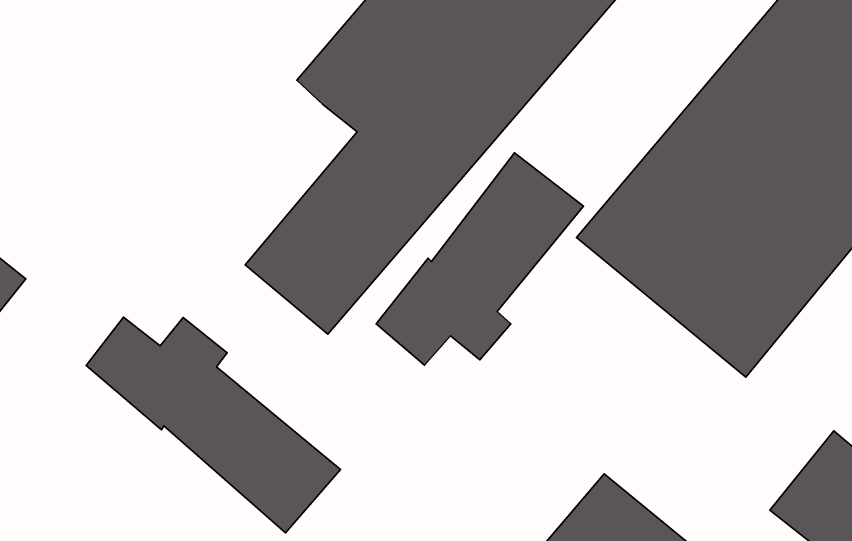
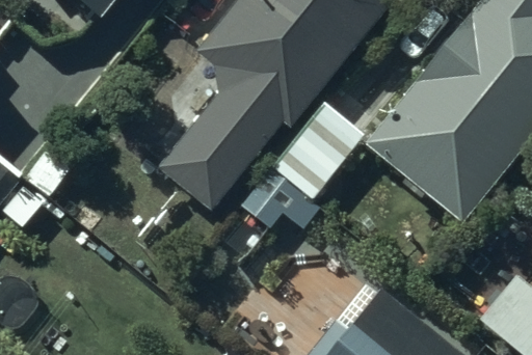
building: [86,317,341,533] -> none

